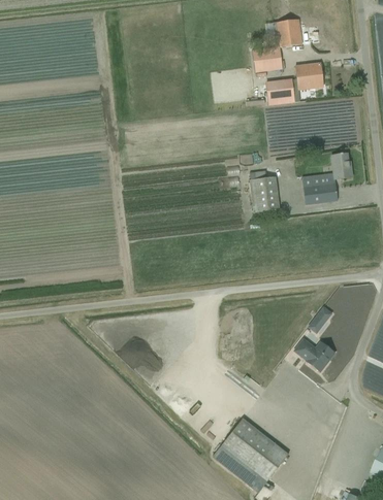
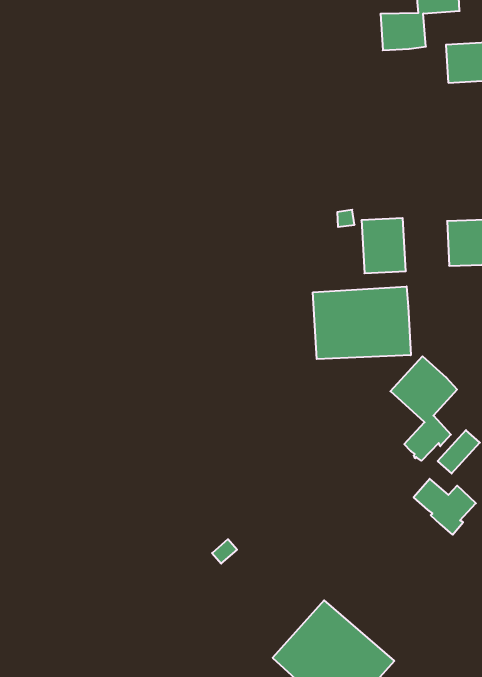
building: [266,78,295,105] -> none
building: none -> [313,286,411,359]
building: none -> [390,356,457,461]

